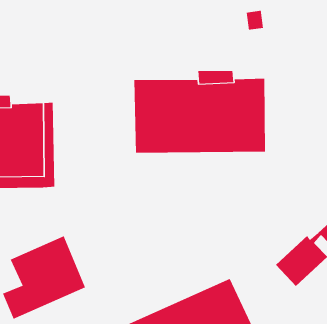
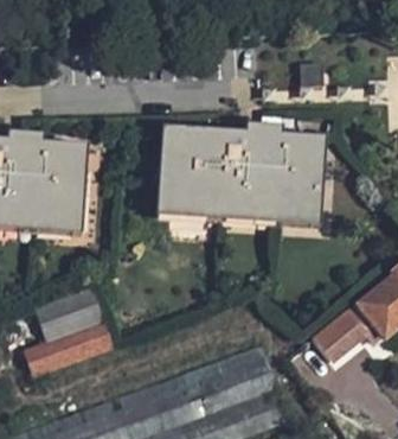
building: none -> [156,122,327,222]

